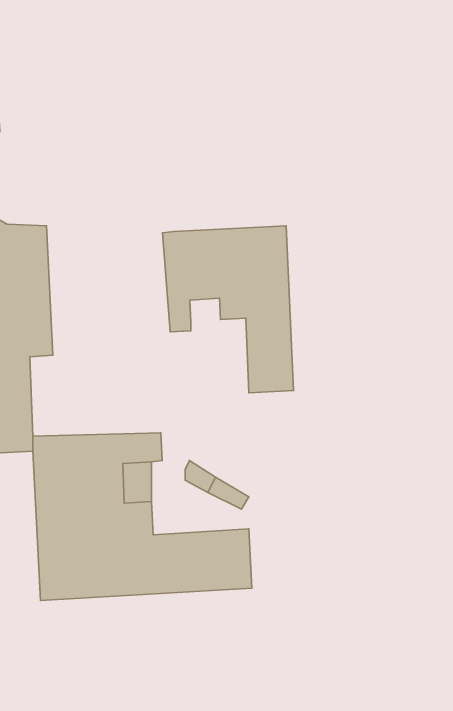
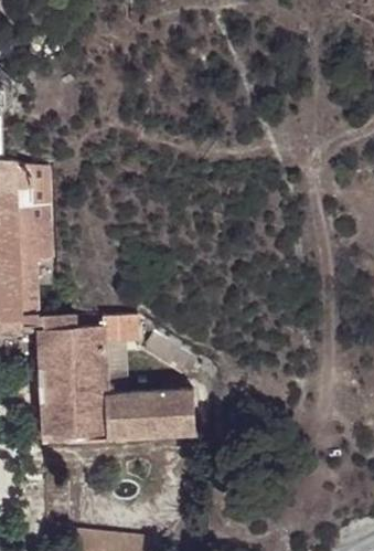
building: [162,226,293,393] -> none

